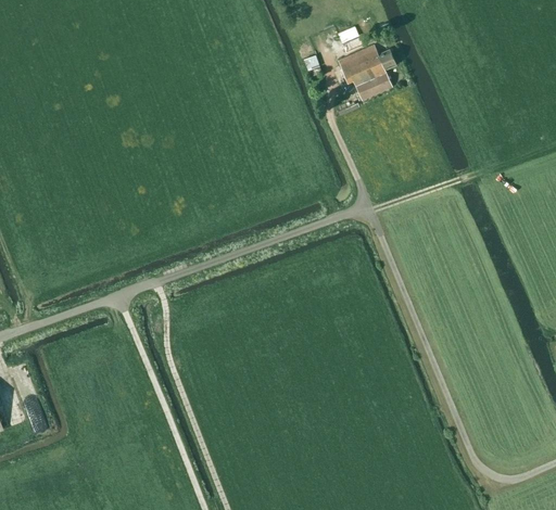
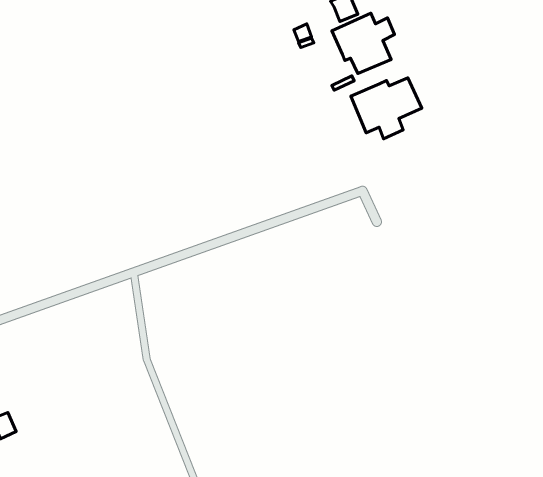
building: none -> [351,78,422,139]

